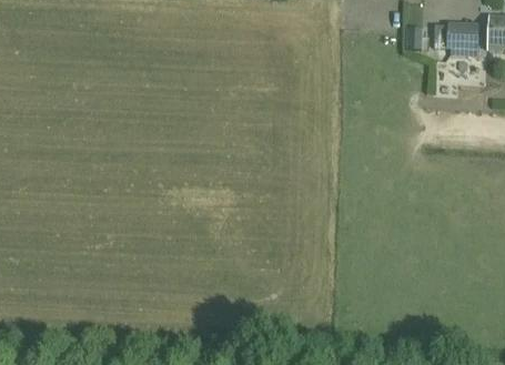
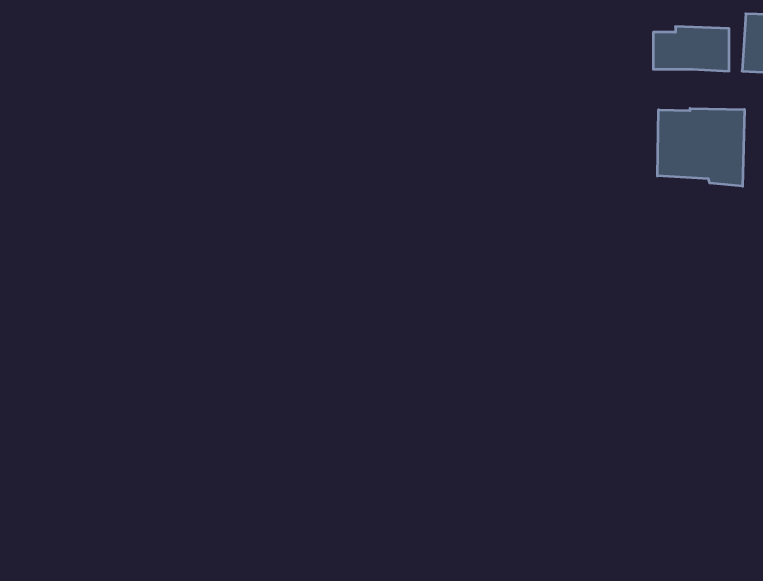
building: none -> [657,108,744,186]

